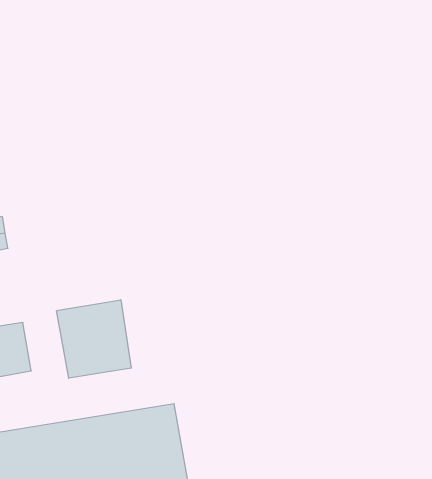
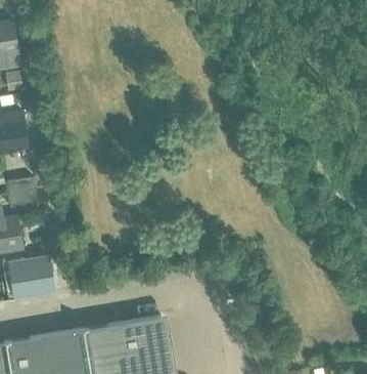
building: [57,300,131,378] -> none

